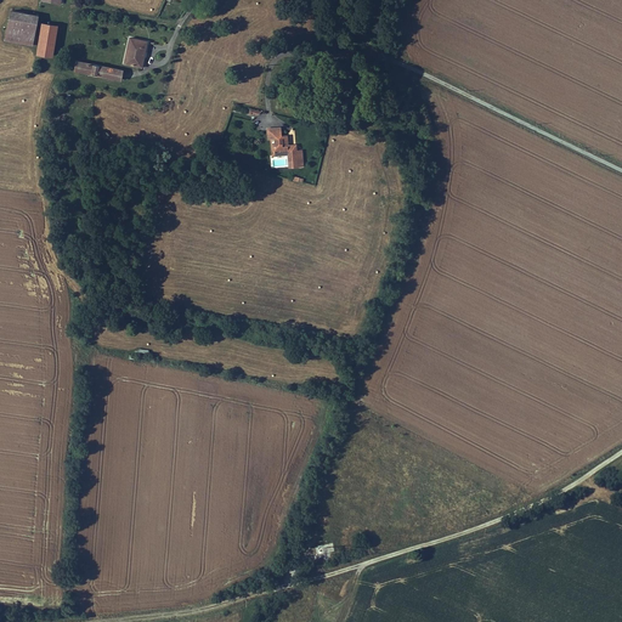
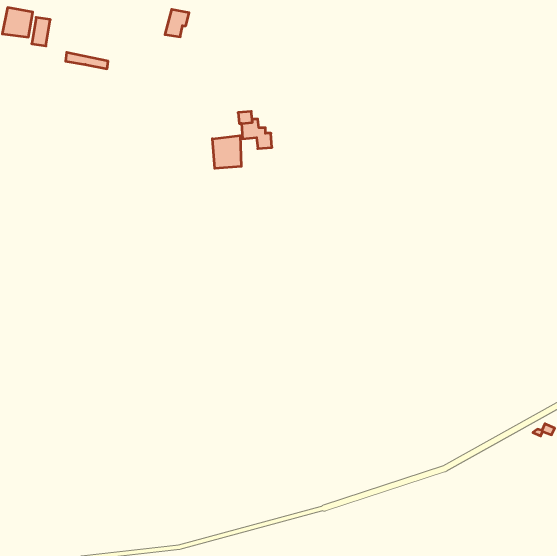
building: [123,36,149,67] -> [165,9,189,37]
building: none -> [212,136,241,168]

